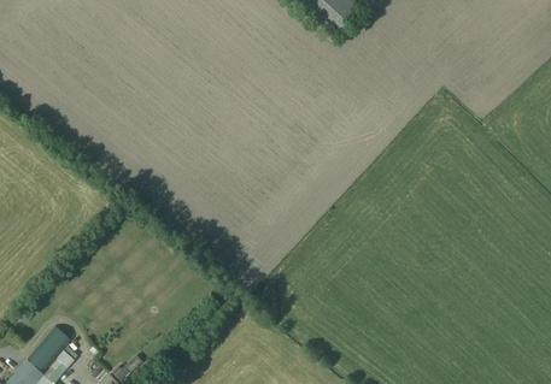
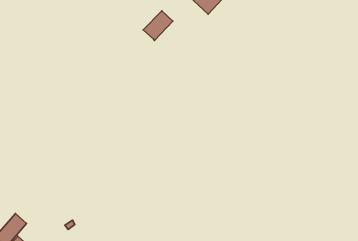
building: none -> [143,11,173,41]

